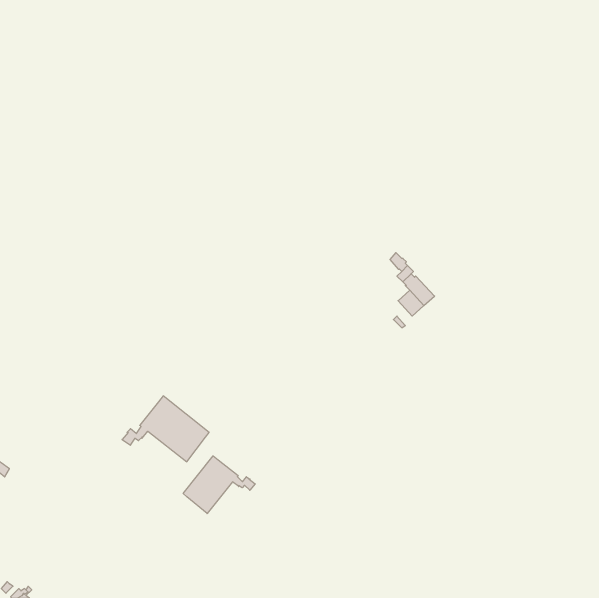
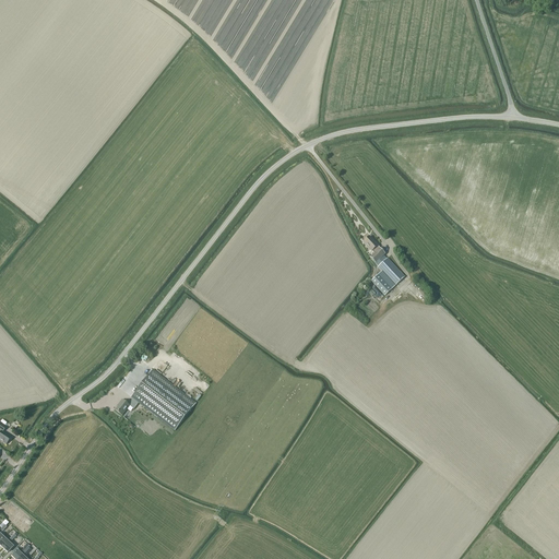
building: [183,456,255,514] -> none

